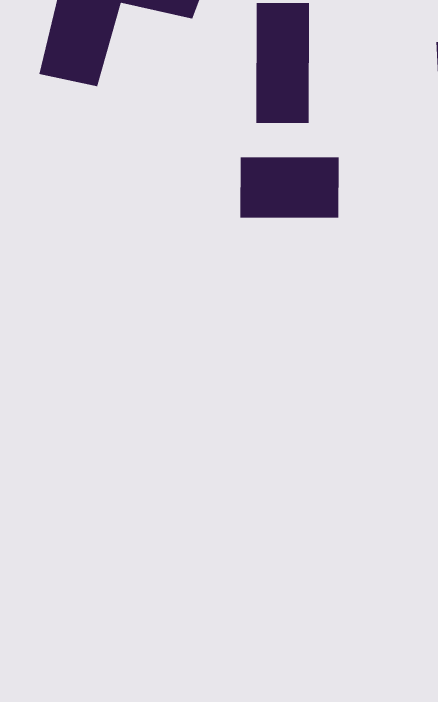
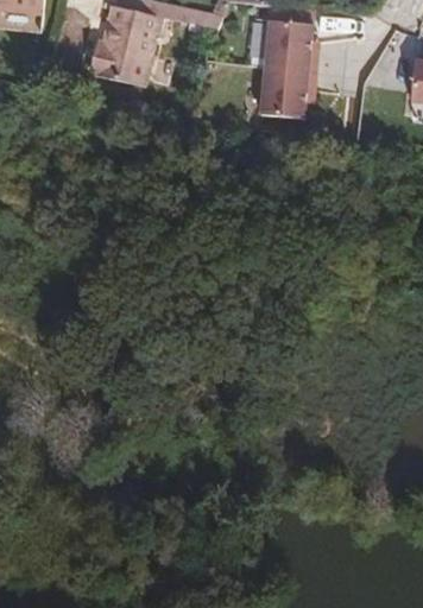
building: [240,157,339,218] -> none

